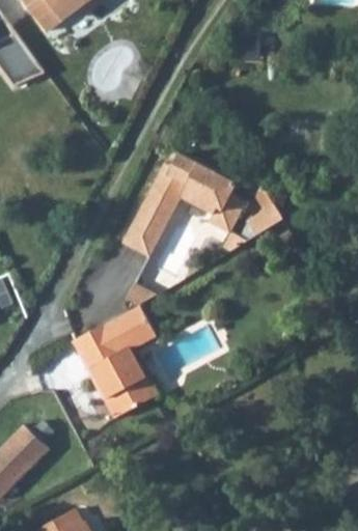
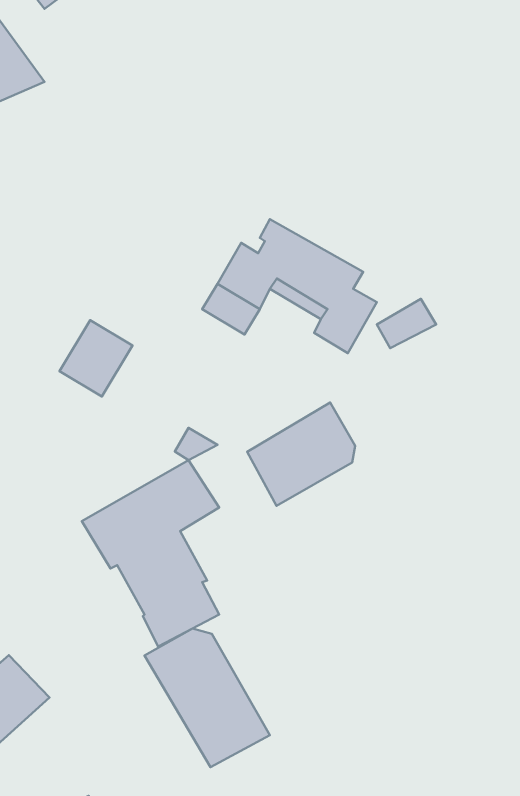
building: [122,212,167,258] -> [60,320,132,396]
building: none -> [247,402,355,506]
building: none -> [145,628,270,767]

